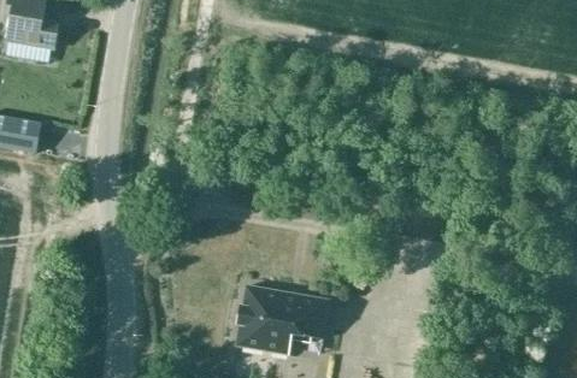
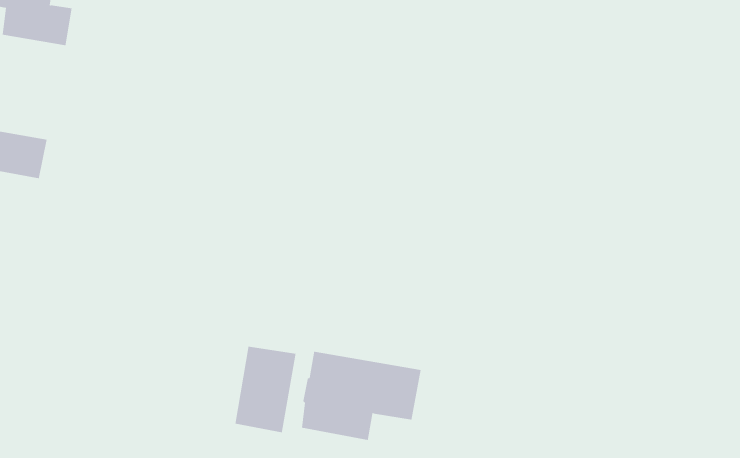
building: none -> [235,346,296,433]

